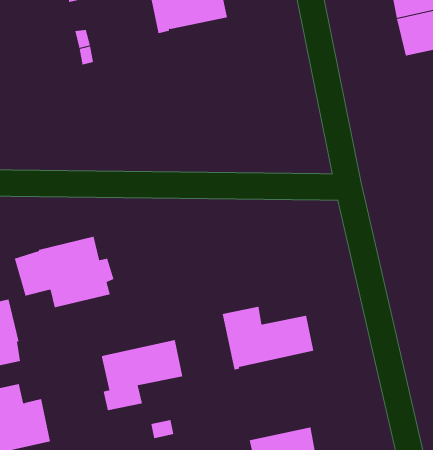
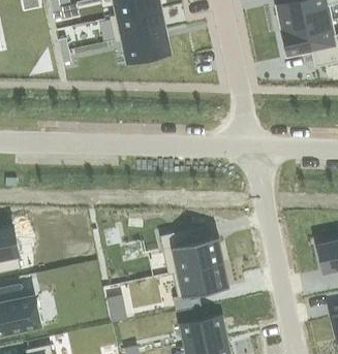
building: none -> [123,30,168,61]
building: [14,236,114,308] -> none
building: [101,339,183,411] -> [172,261,228,311]

